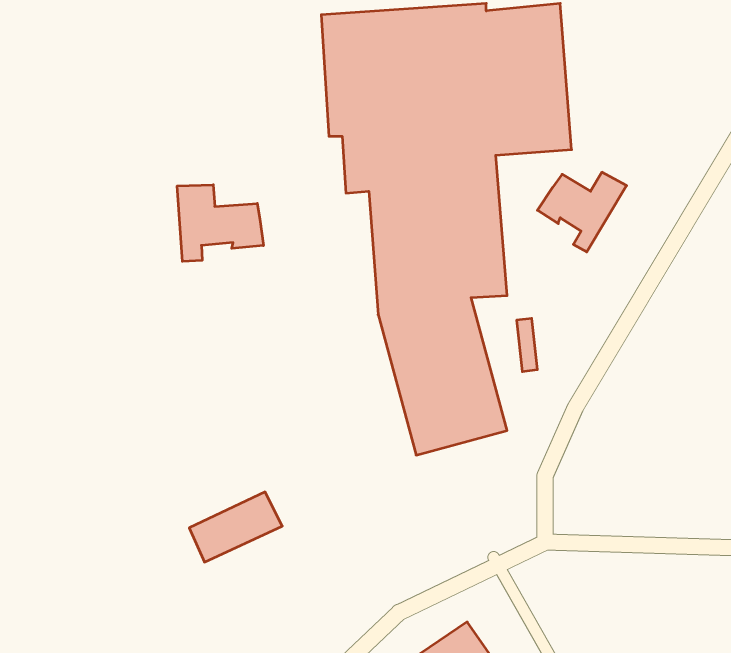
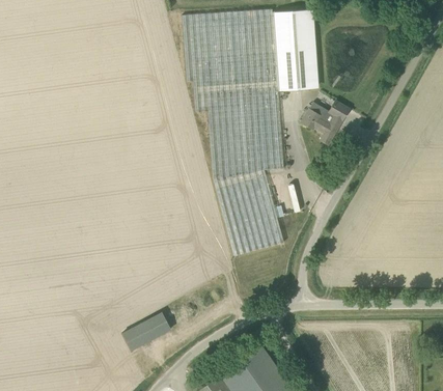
building: [177,185,263,261] -> none
building: [189,492,282,562] -> [124,311,175,350]

